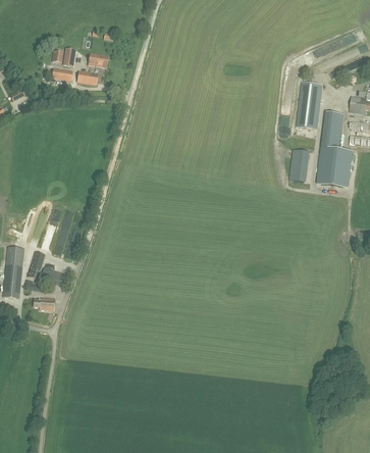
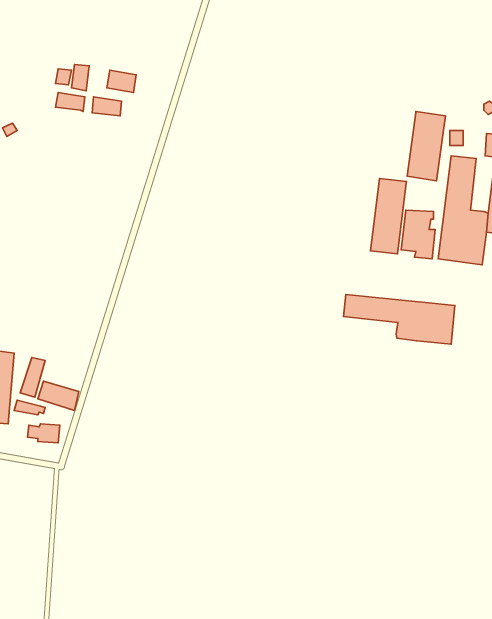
building: none -> [370,179,407,254]
building: none -> [343,294,455,344]

